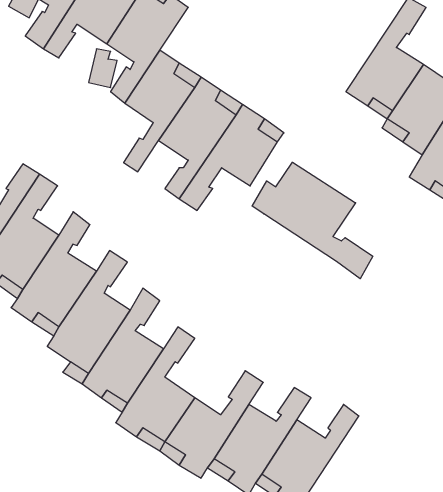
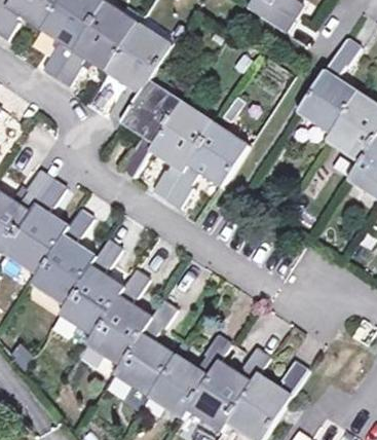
building: [252,162,373,279] -> none

